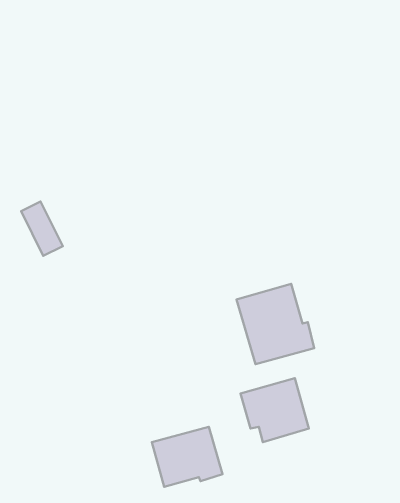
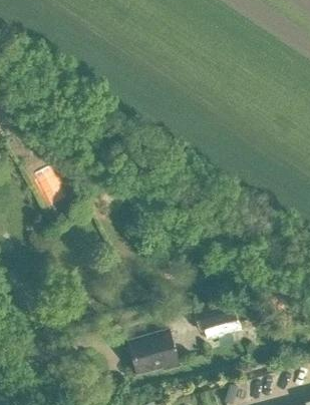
building: [236,284,314,364] -> none

